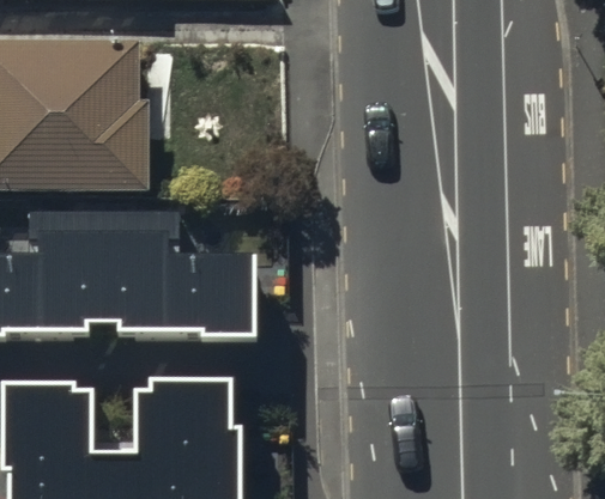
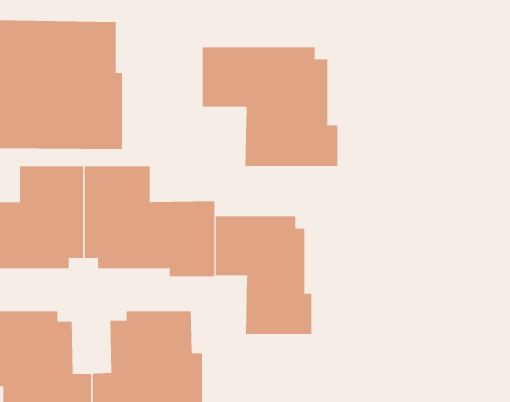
building: none -> [202,46,338,167]
building: none -> [215,216,312,335]

